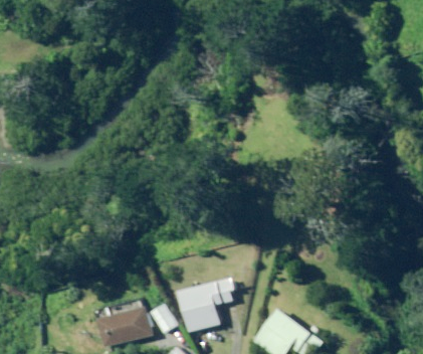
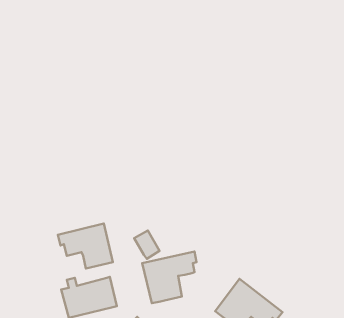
building: none -> [58,224,113,269]
building: [151,304,177,333] -> [134,230,159,259]

